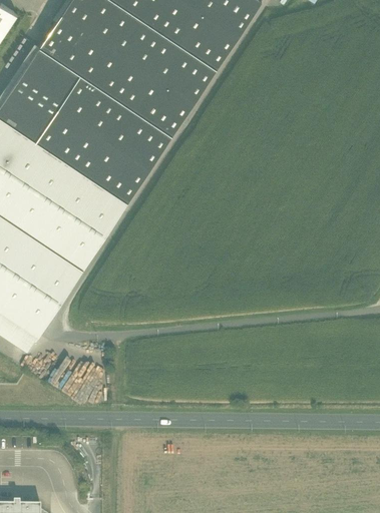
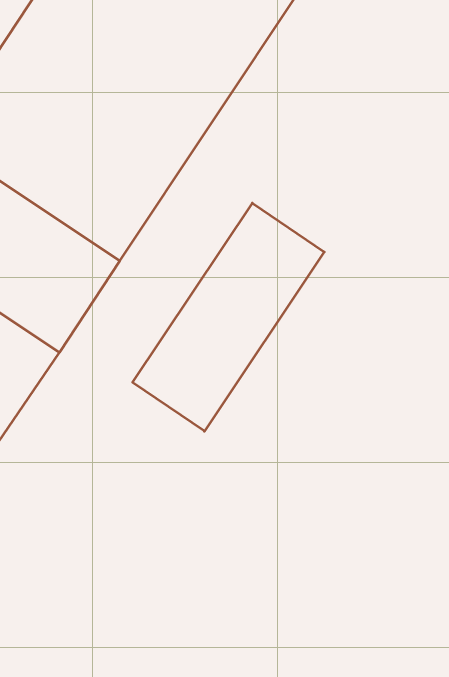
building: none -> [133,203,324,431]

